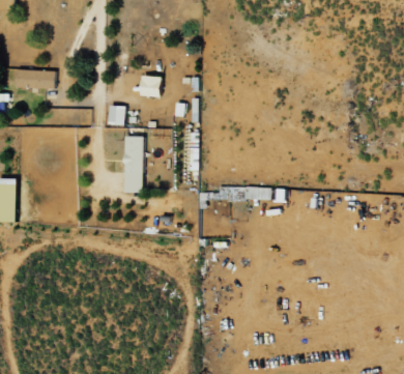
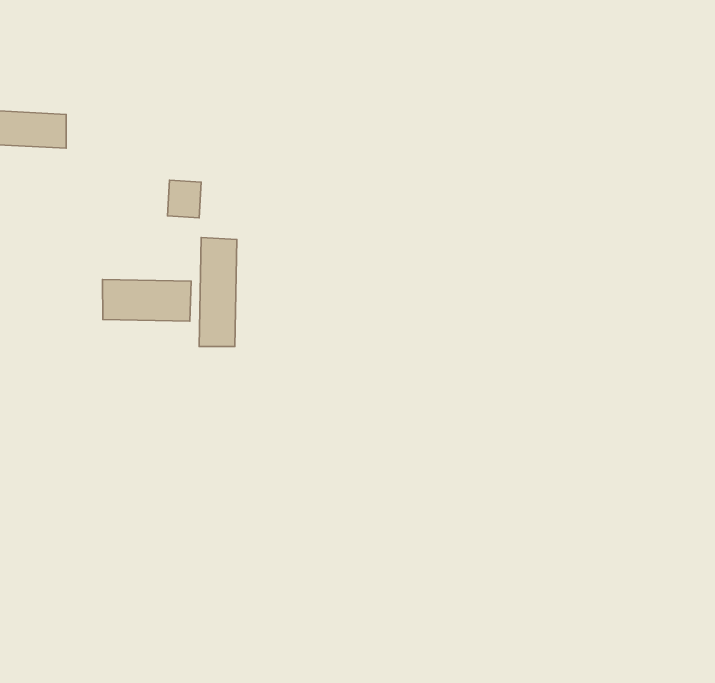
building: [140,76,161,97] -> none
building: none -> [102,280,191,321]

